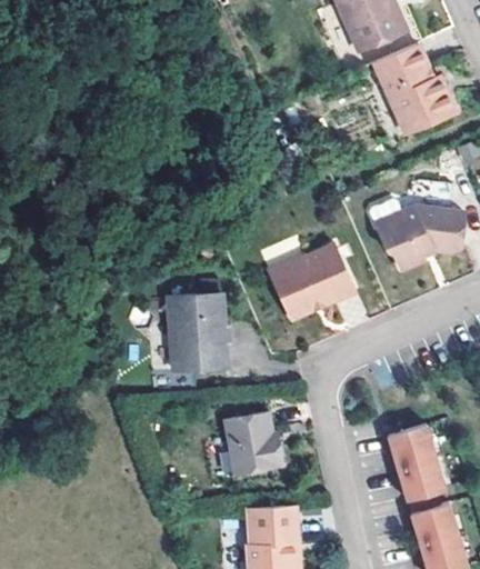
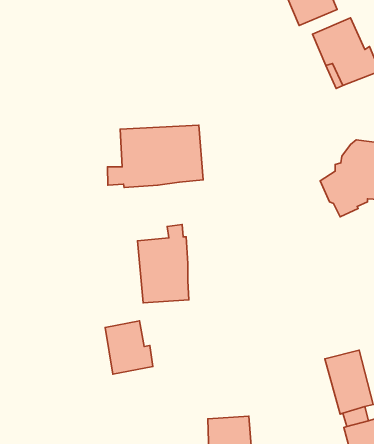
building: none -> [108,125,203,188]
building: [270,244,356,323] -> none
building: [229,415,284,477] -> [105,321,153,374]

